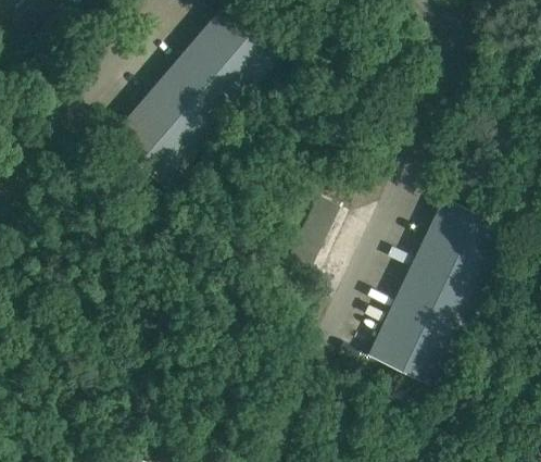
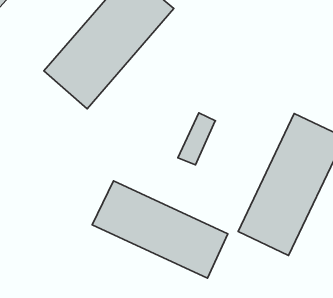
building: none -> [92,181,228,278]

